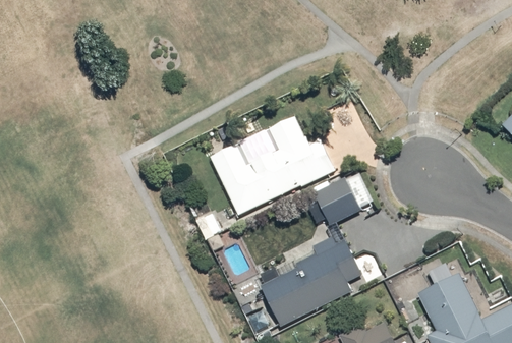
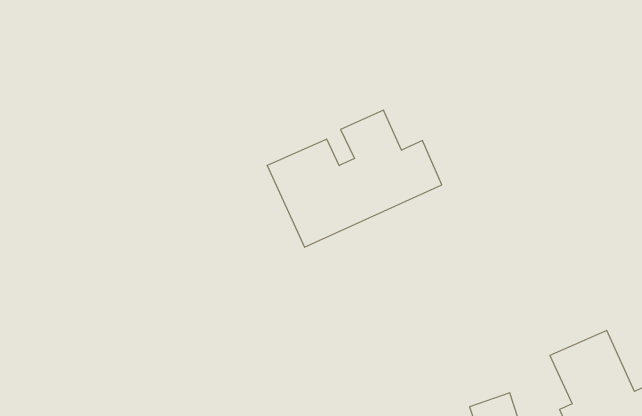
building: [316,179,361,224] -> none
building: [263,237,361,323] -> none

